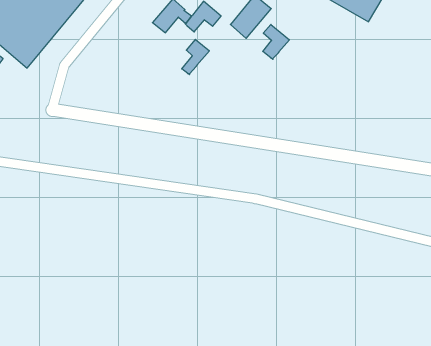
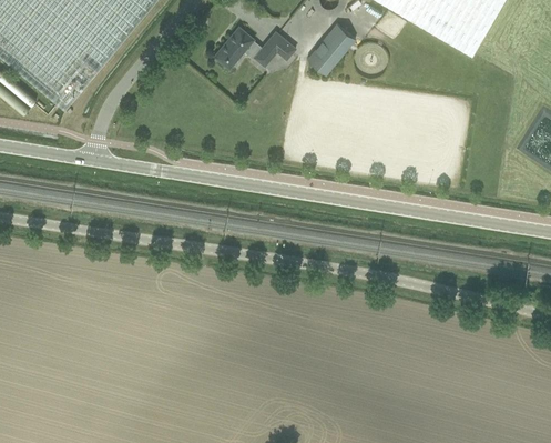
building: [263,24,289,59] -> none
building: [182,39,209,75] -> none

